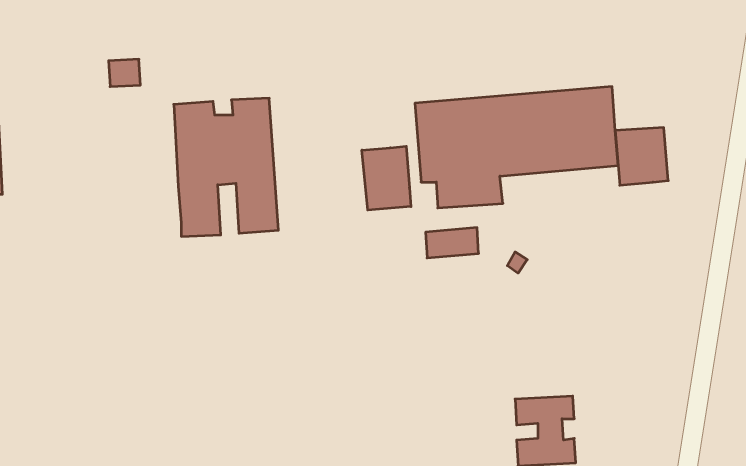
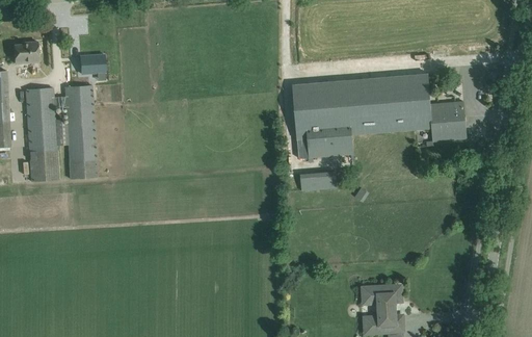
building: none -> [12,41,37,63]
building: [174,98,278,236] -> [25,85,97,180]
building: [362,146,411,210] -> none

